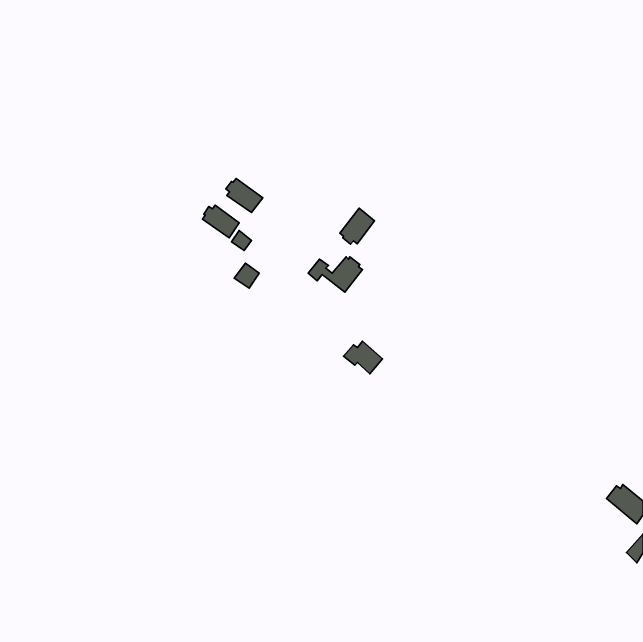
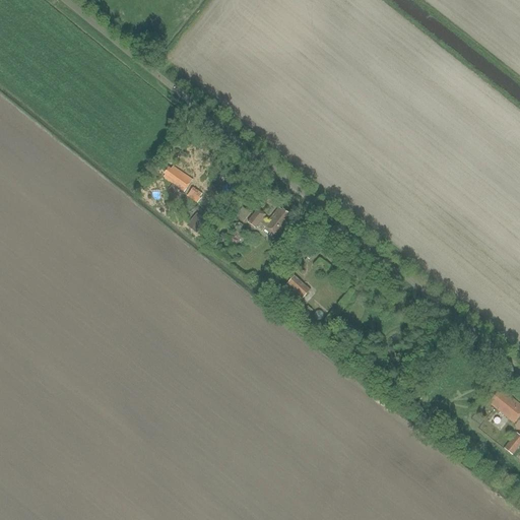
building: [226,179,263,213] -> none
building: [340,208,375,244] -> none

